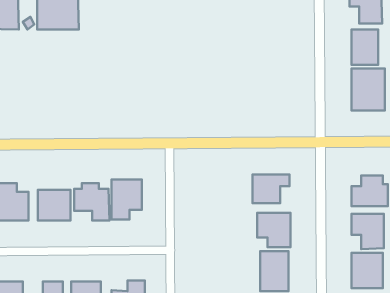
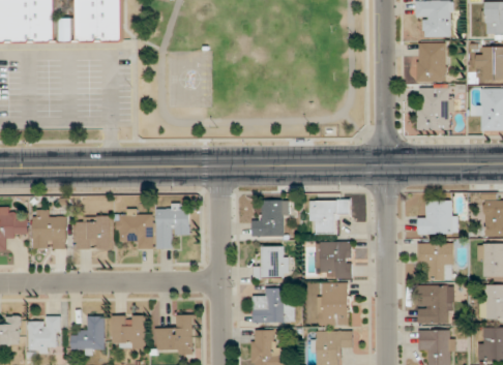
building: none -> [253,201,288,236]
building: none -> [255,245,287,278]
building: none -> [253,287,293,323]

